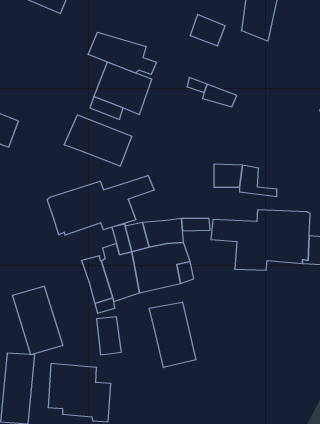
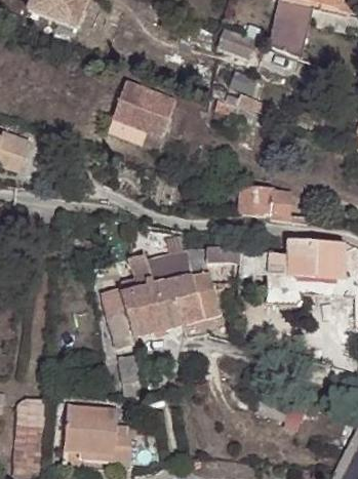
building: [88,32,157,74] -> none
building: [64,115,132,166] -> none
building: [47,175,154,235] -> none
building: [13,286,63,355] -> none
building: [149,302,196,368] -> none

